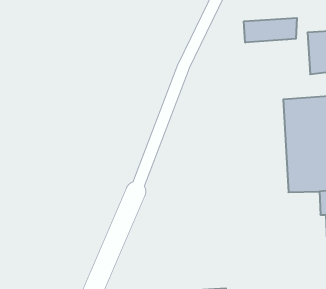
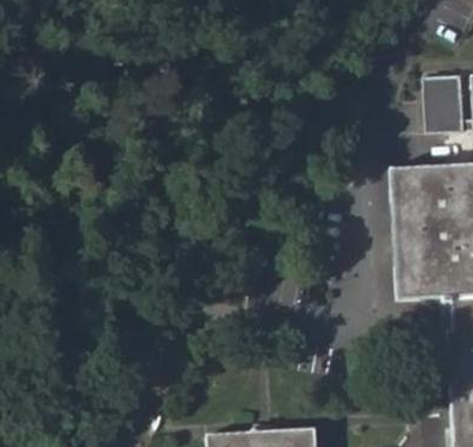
building: [244,18,297,43] -> none

